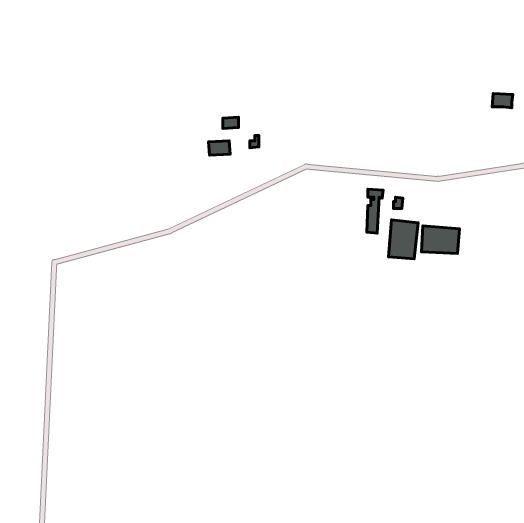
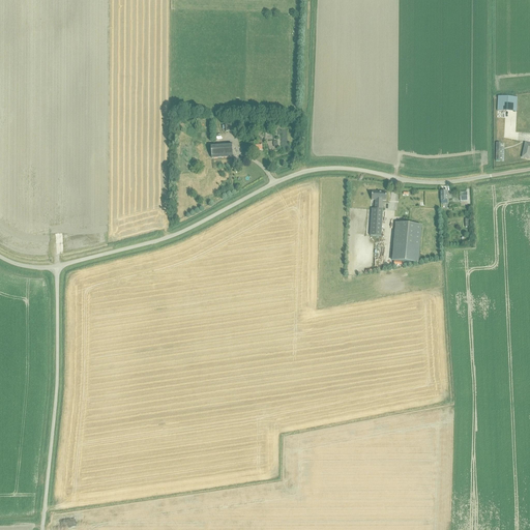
building: [422,226,460,254] -> none

